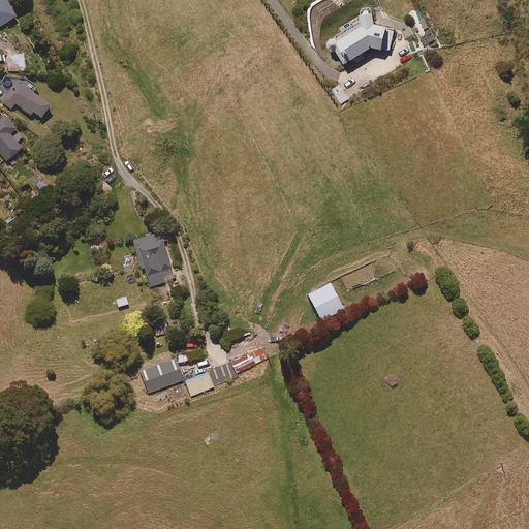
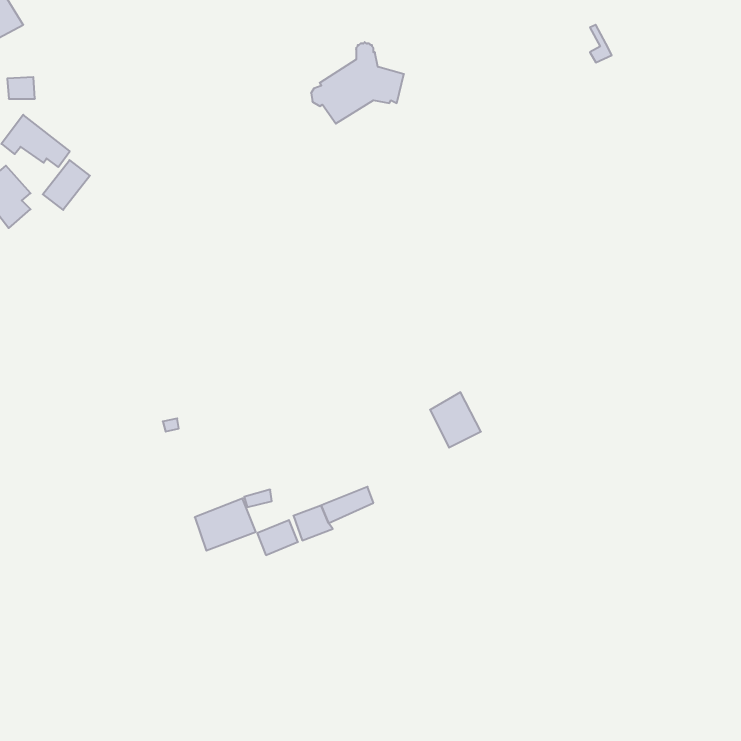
building: [329,7,395,65] -> [311,42,404,124]
building: none -> [43,160,90,210]
building: [132,232,175,286] -> none

